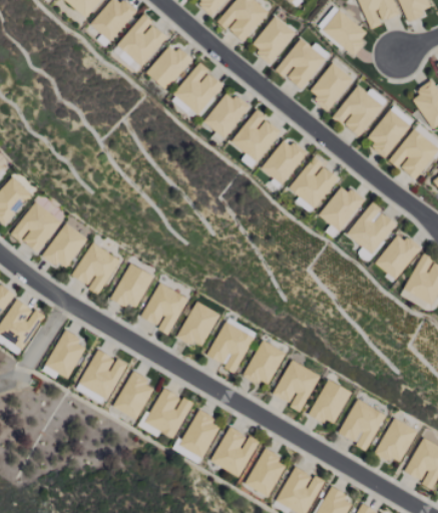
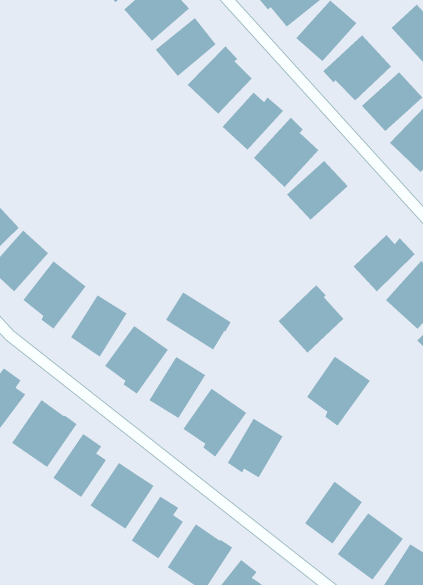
building: [289,155,339,208] -> [278,284,344,353]
building: none -> [165,291,231,351]
building: [274,360,321,413] -> [306,356,371,427]

